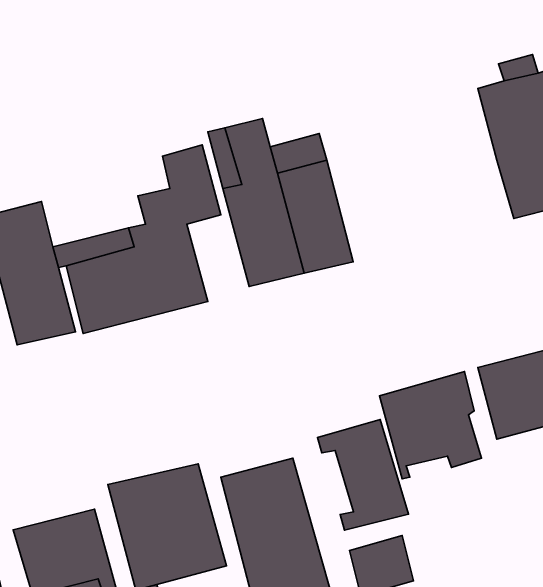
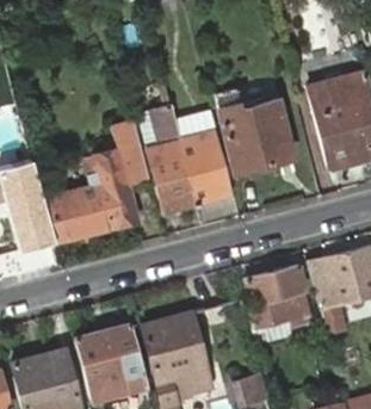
building: none -> [218,101,291,180]
building: [317,419,408,530] -> none

